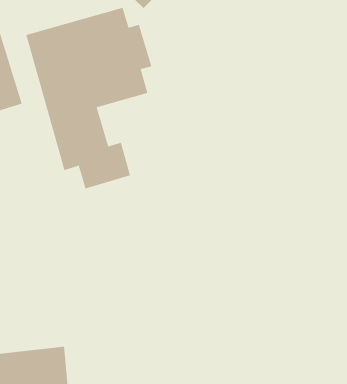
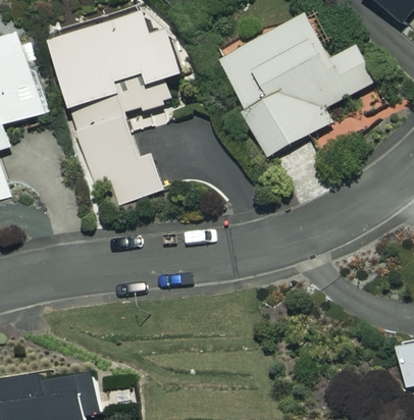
building: none -> [219,14,374,156]

